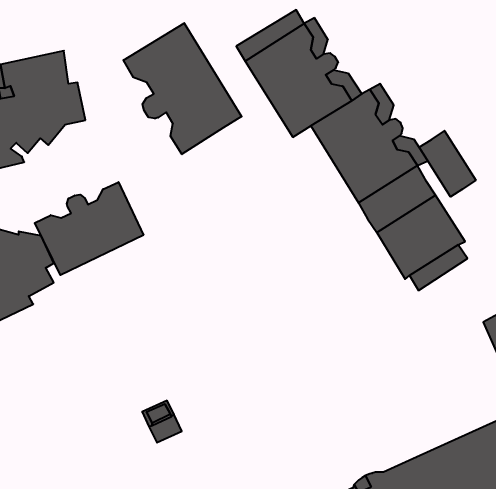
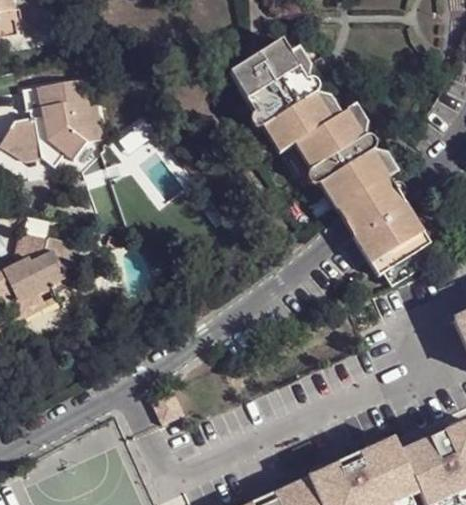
building: [123,23,242,154] -> none
building: [419,131,476,197] -> none
building: [35,182,143,275] -> none

